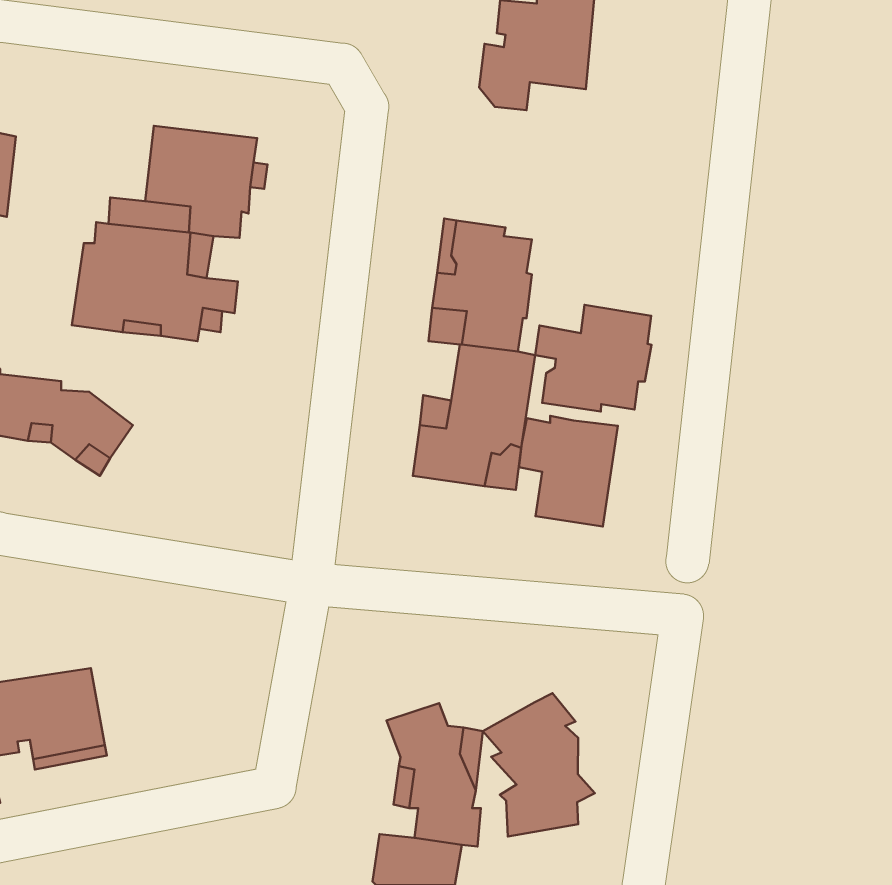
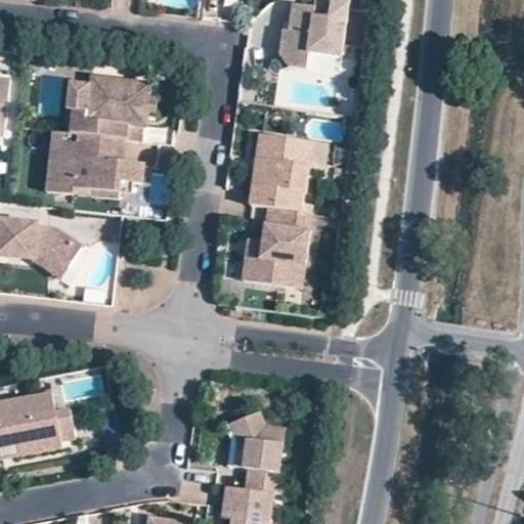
building: [535,305,651,412] -> none
building: [519,416,618,526] -> none
building: [483,693,595,837] -> none

